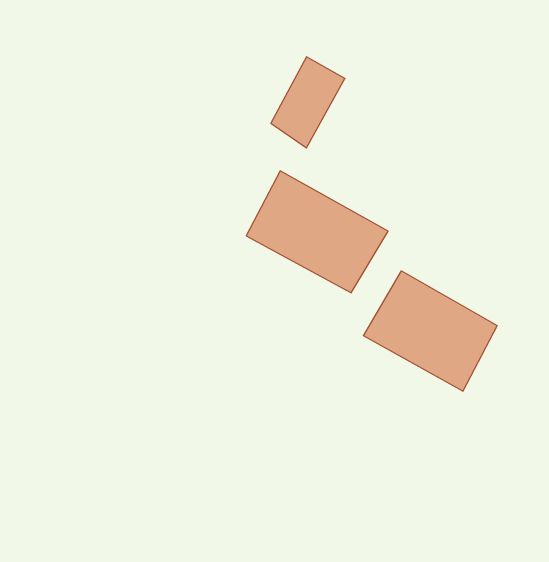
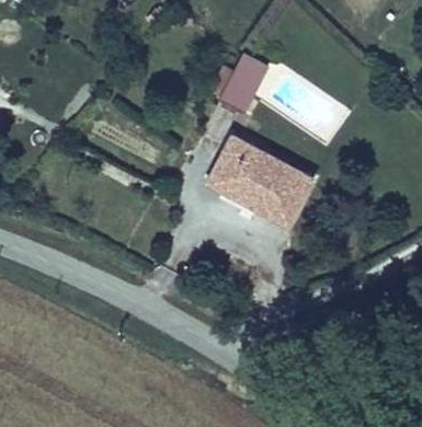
building: [363,271,497,391] -> none

